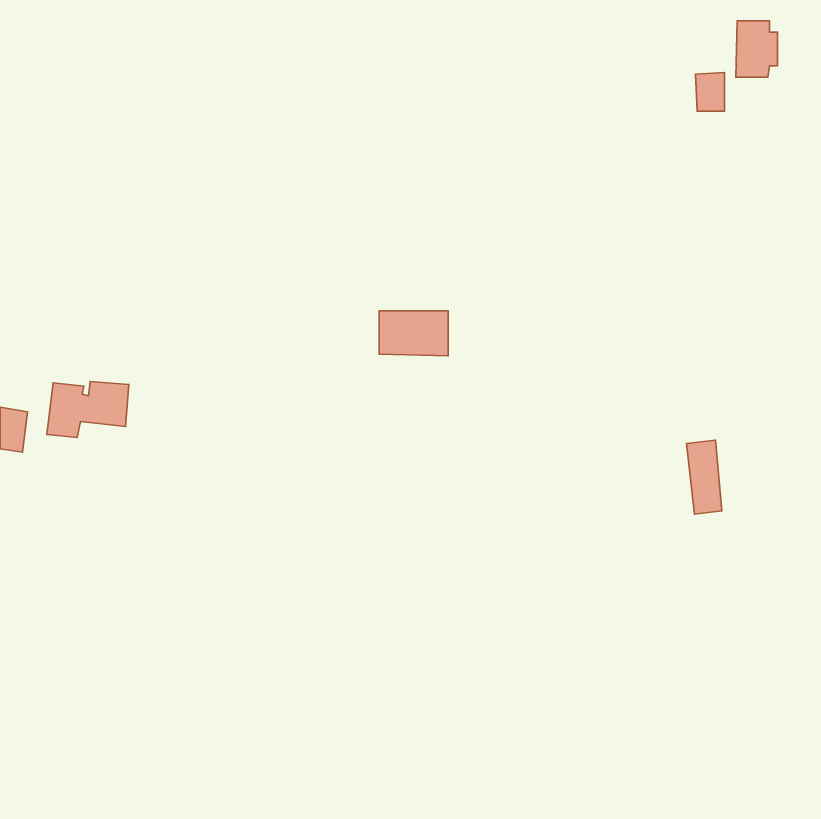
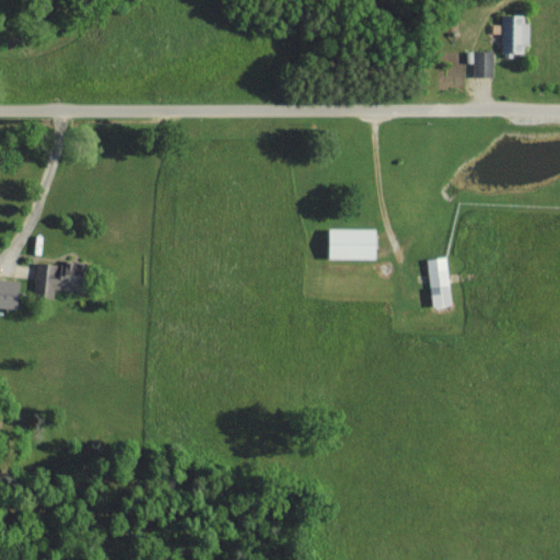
building: [379,311,448,356] -> [328,231,375,261]
building: [687,440,722,514] -> [427,258,451,308]

